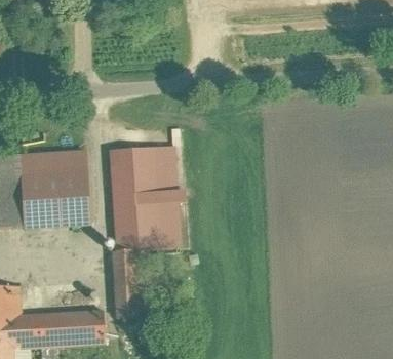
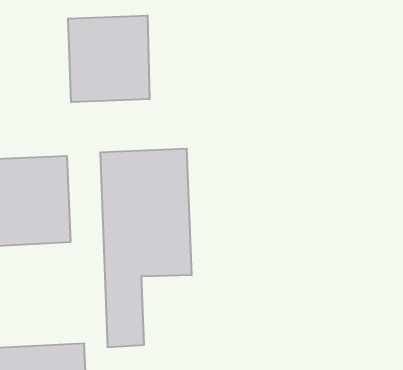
building: none -> [68,15,150,102]

